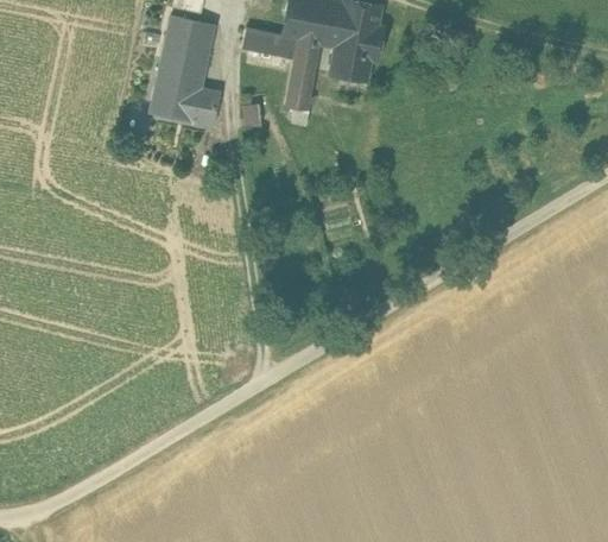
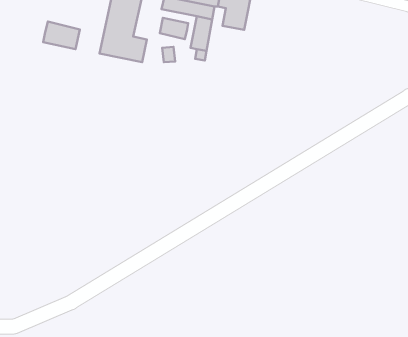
building: none -> [160,18,188,39]
building: none -> [43,22,80,49]

